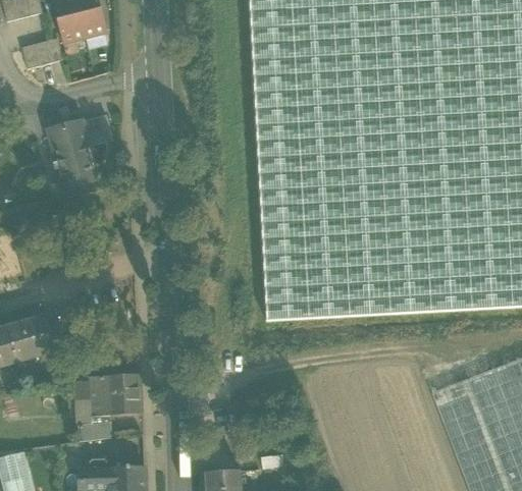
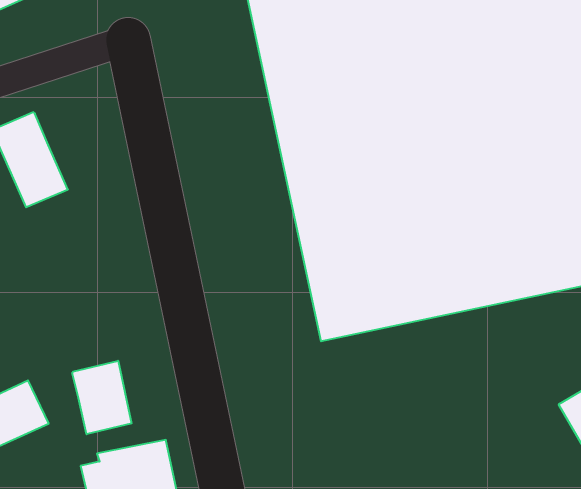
building: [84,115,114,146] -> none
building: none -> [72,361,132,434]

